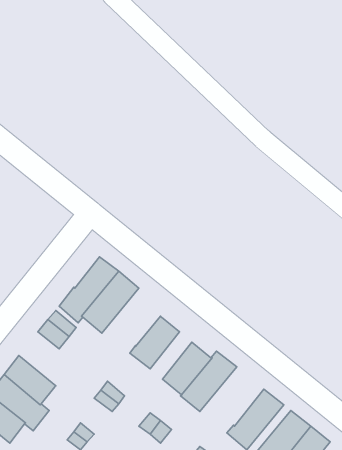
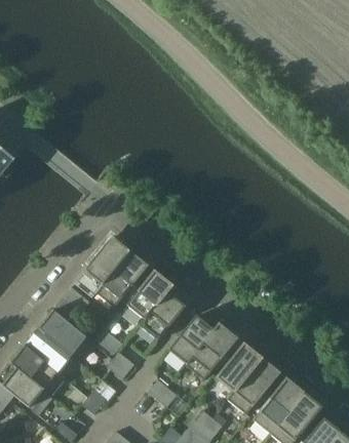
building: none -> [126,271,172,319]
building: none -> [37,310,92,362]
building: none -> [216,343,261,392]

